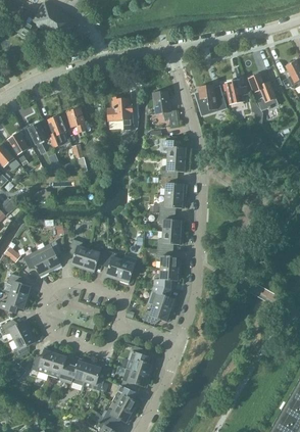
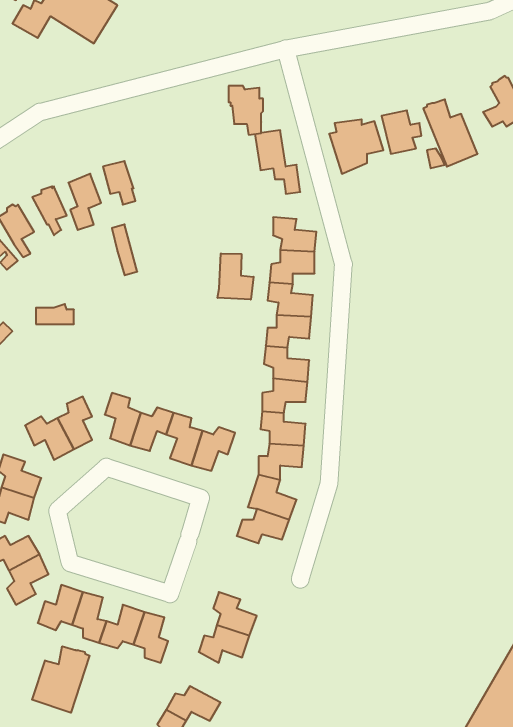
building: [112,98,132,126] -> [229,86,263,135]
building: none -> [218,253,254,300]
building: none -> [32,646,90,713]
building: [112,385,140,414] -> none

